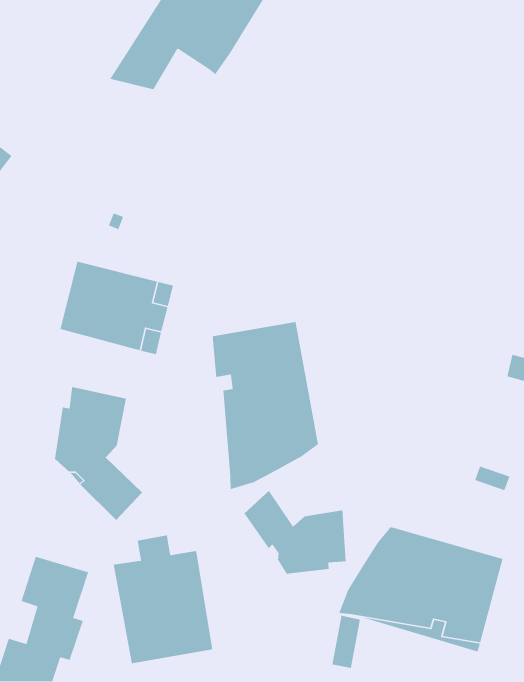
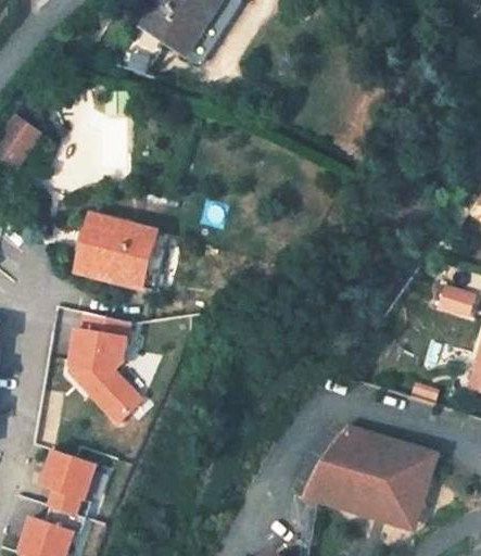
building: [212,321,319,490] -> none
building: [243,490,347,574] -> none
building: [113,535,213,664] -> none

